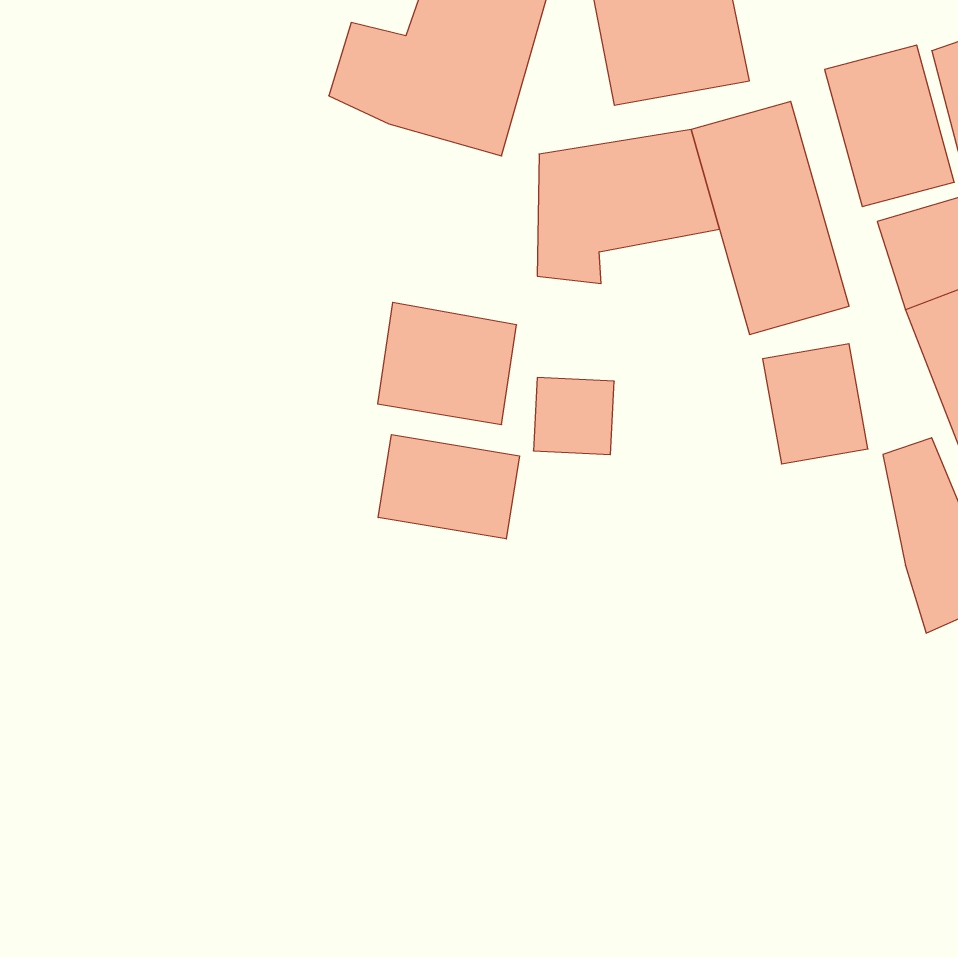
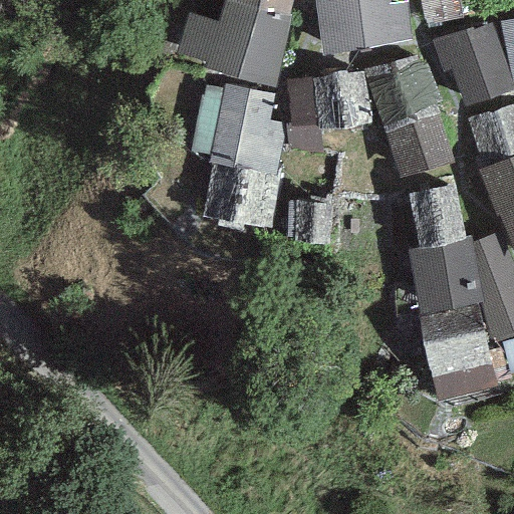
building: none -> [211,83,285,174]
building: [378,435,519,539] -> none
building: none -> [409,237,485,314]
building: none -> [421,312,496,399]

